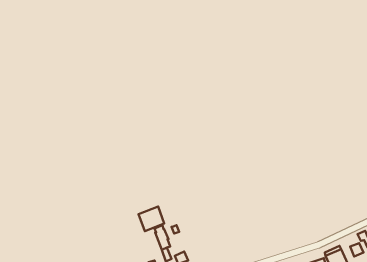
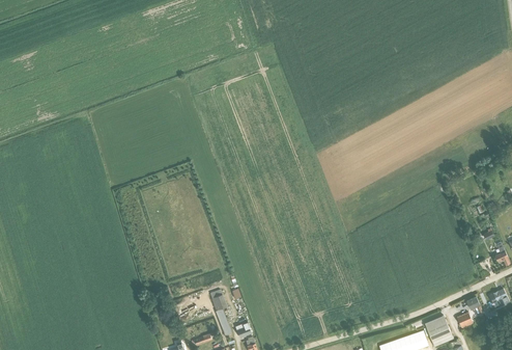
building: [139,207,164,231] -> none

